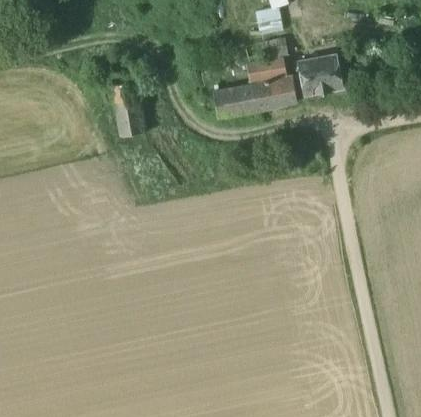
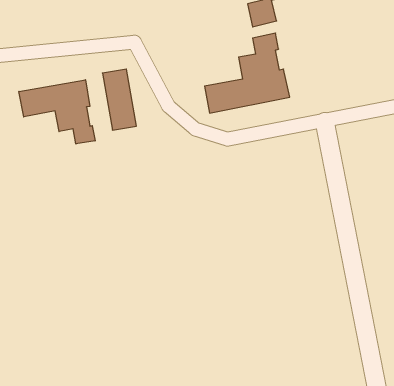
building: [296,53,343,98] -> none
building: none -> [19,80,95,144]

